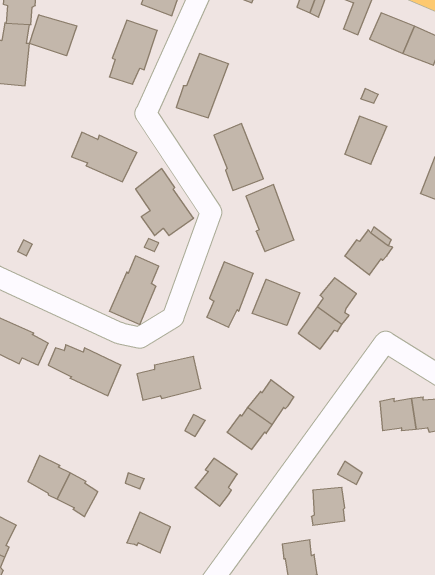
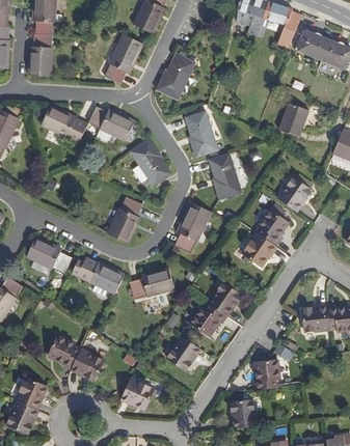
building: [29,15,77,56] -> none
building: none -> [36,109,82,145]
building: [252,279,300,325] -> none

